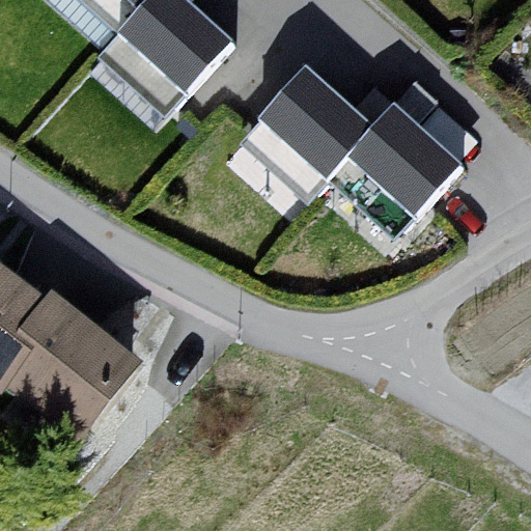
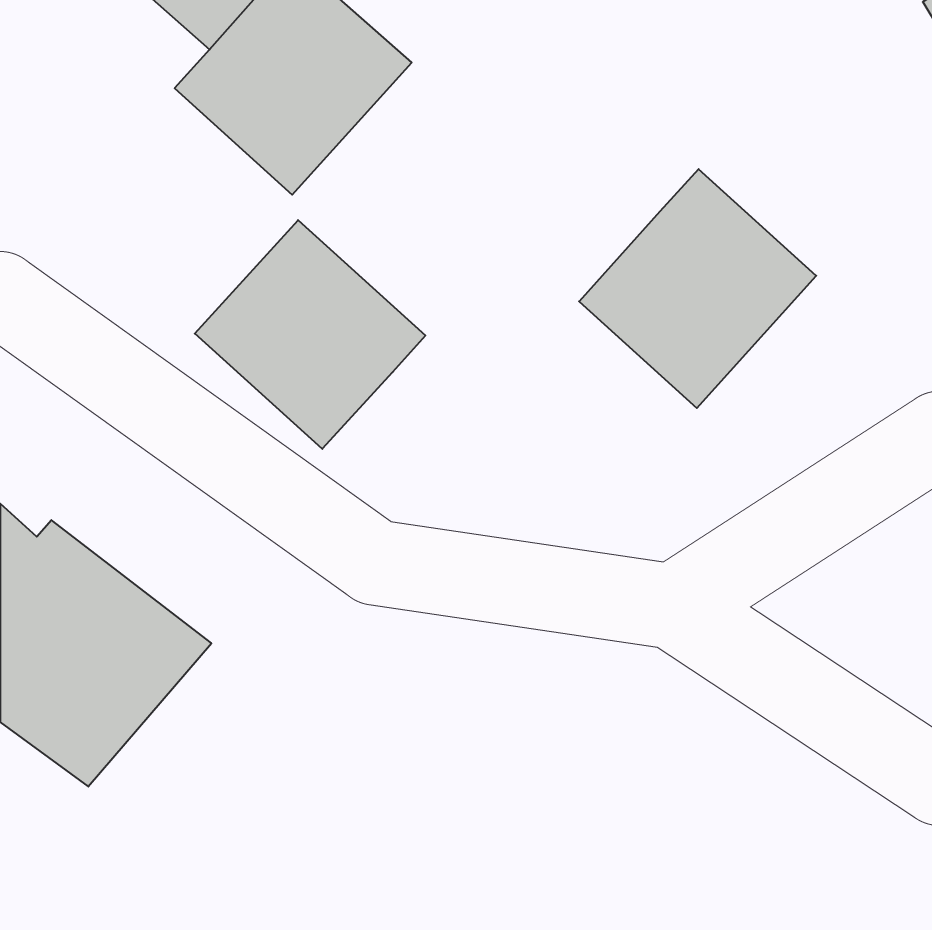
building: [243,59,376,194] -> none
building: none -> [195,220,425,449]

